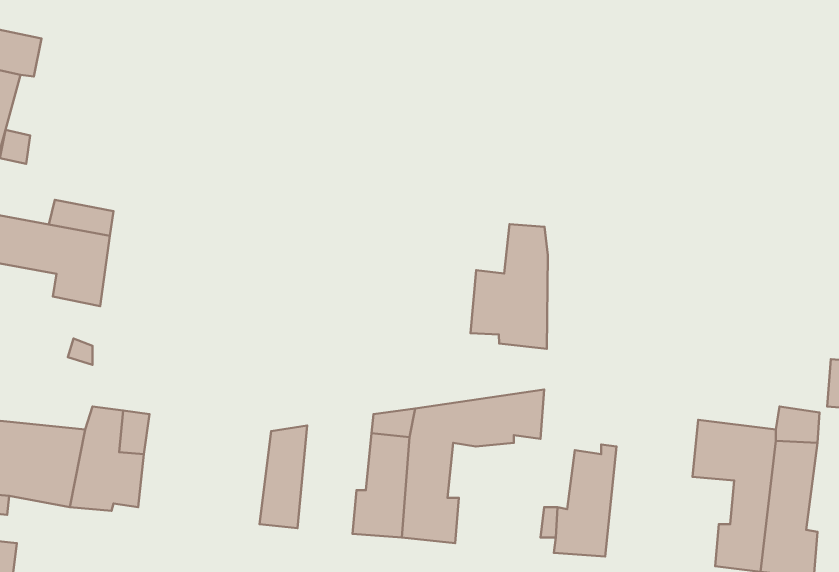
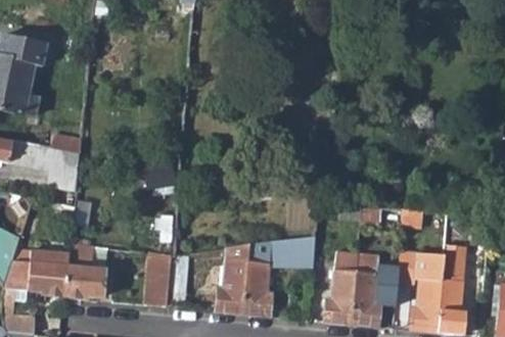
building: [470,224,548,349] -> none
building: none -> [144,252,171,305]
building: none -> [351,260,388,326]

